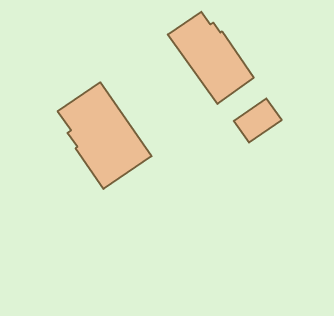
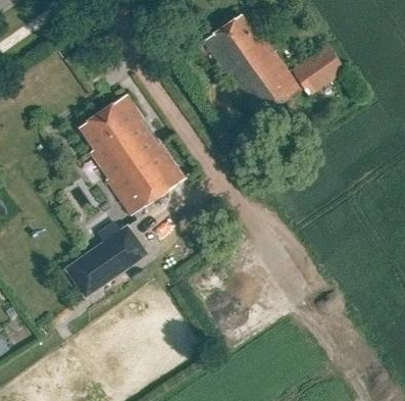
building: [234,98,282,143] -> [292,44,346,94]
building: none -> [66,225,146,296]

